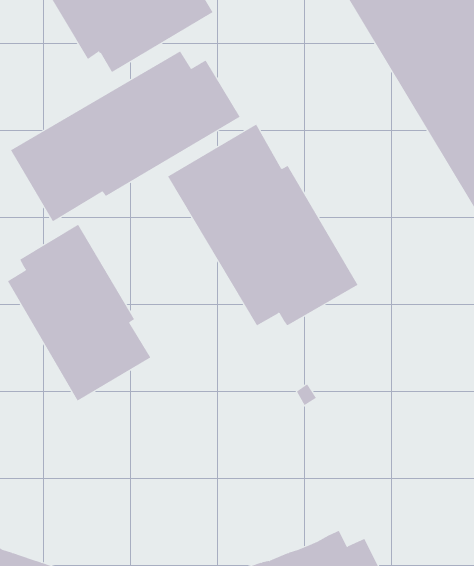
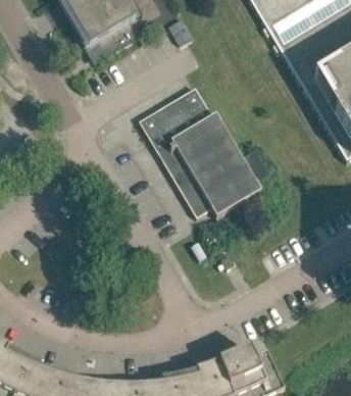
building: [10,50,241,222] -> none
building: [7,224,151,401] -> none

